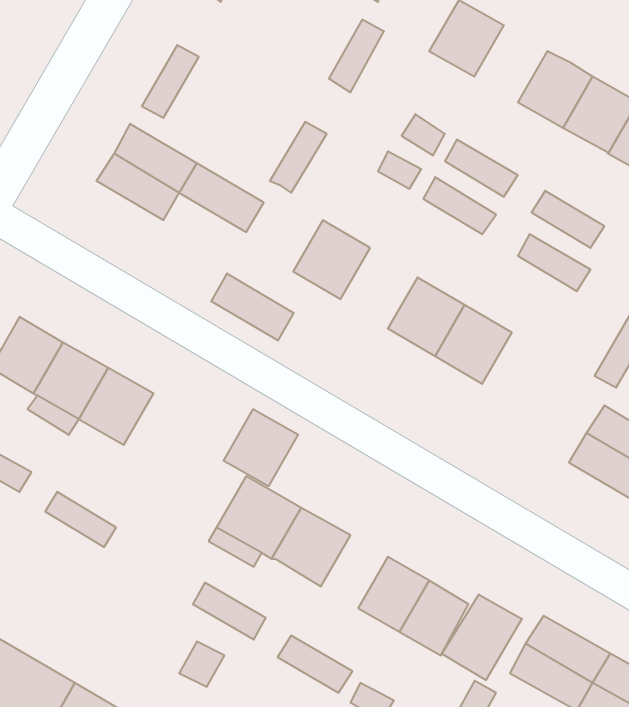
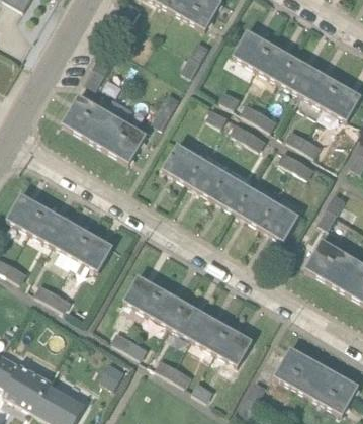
building: none -> [255,43,292,82]
building: none -> [186,157,225,198]
building: [211,274,294,341] -> [95,129,138,163]
building: none -> [259,200,298,241]
building: [223,409,298,486] -> [75,232,113,271]
building: none -> [176,305,210,342]
building: [442,594,522,680] -> none

